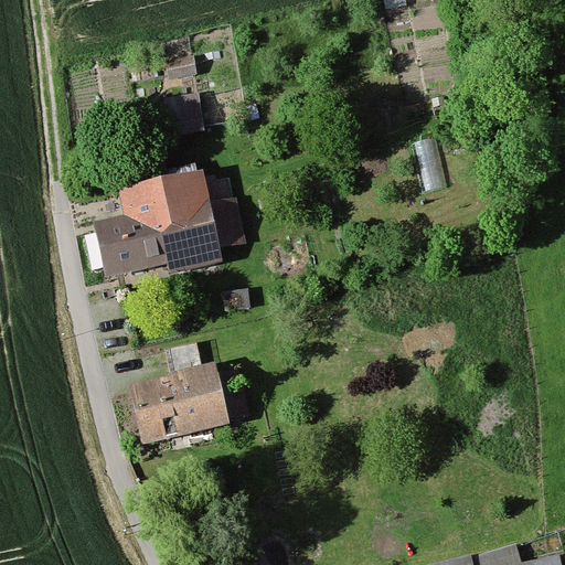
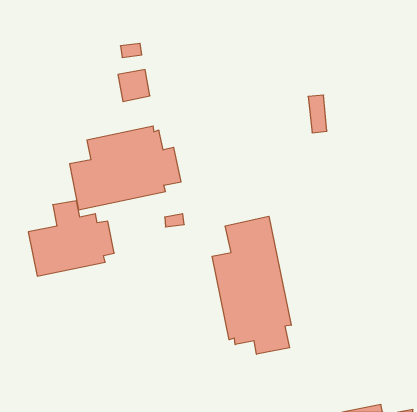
building: none -> [212,216,291,354]
building: [129,341,245,443] -> [28,201,114,276]

